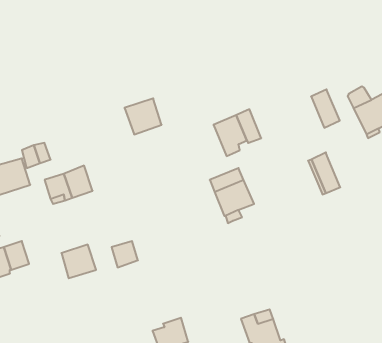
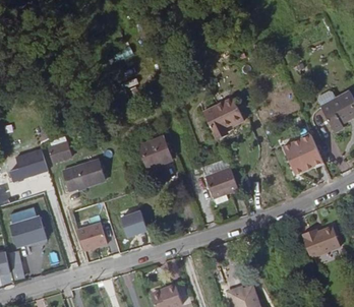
building: [311,89,340,128] -> [300,141,324,174]
building: [124,98,162,134] -> [140,134,172,165]
building: none -> [301,224,340,257]

